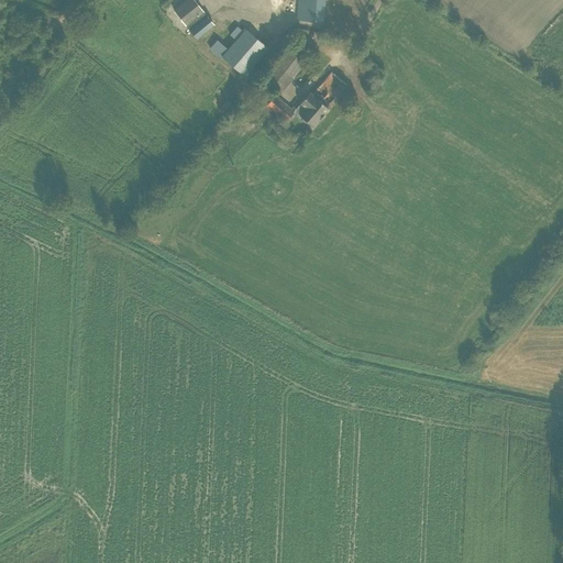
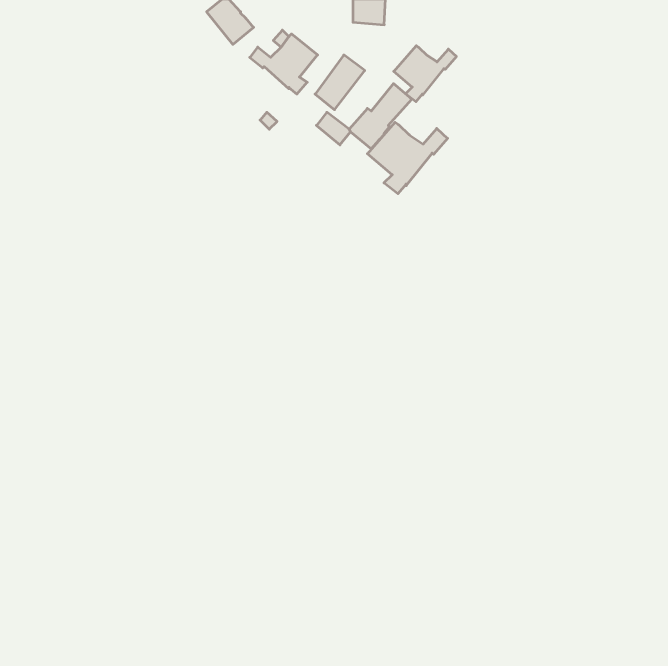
building: none -> [394,46,456,102]
building: none -> [367,122,448,194]

